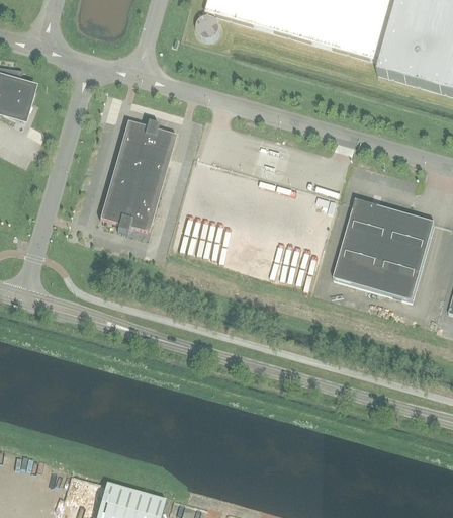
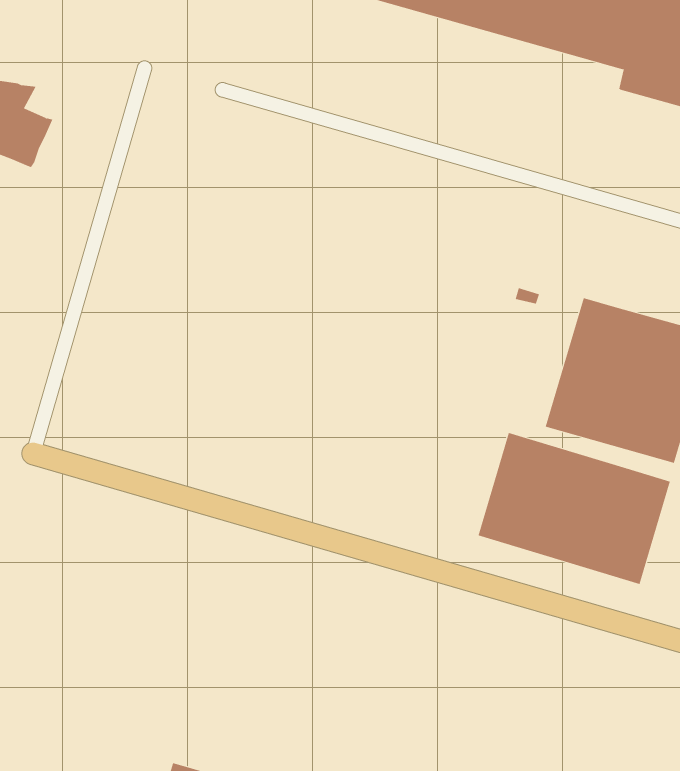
building: [99,120,176,232] -> none
building: none -> [478,432,670,585]

